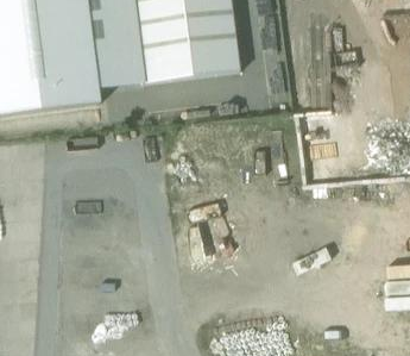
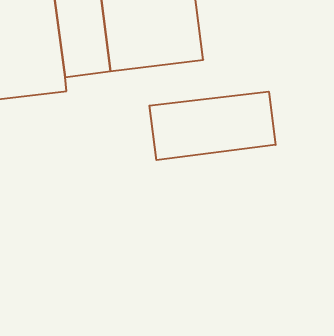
building: none -> [149,92,276,160]

